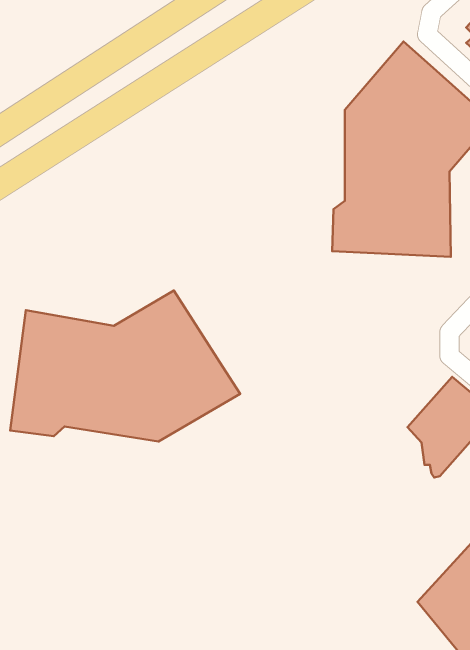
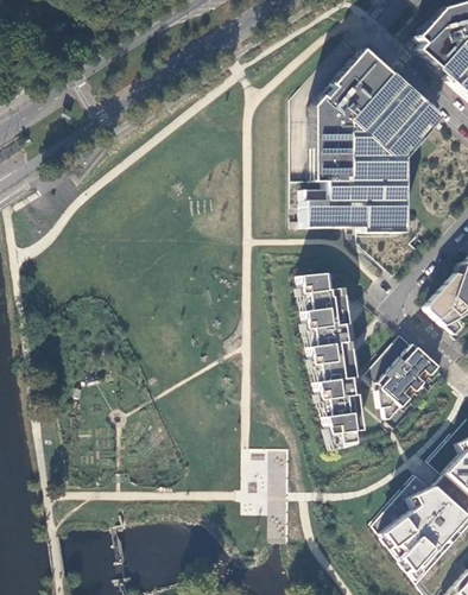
building: [10,290,240,442] -> none
building: none -> [301,270,363,442]

